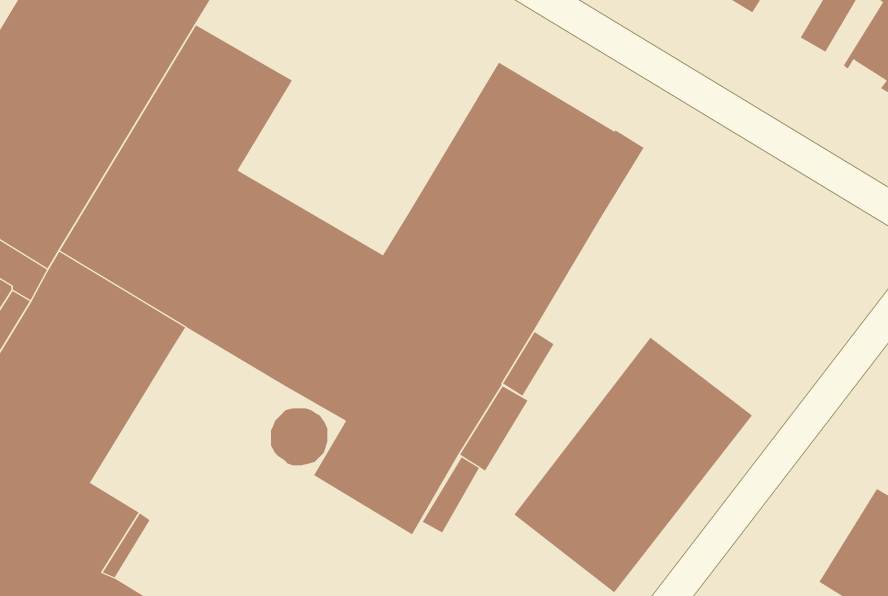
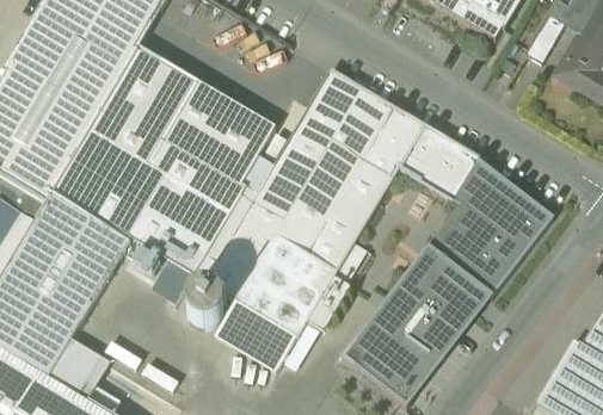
building: none -> [166,80,275,191]
building: none -> [399,123,554,293]
building: none -> [124,237,195,311]

